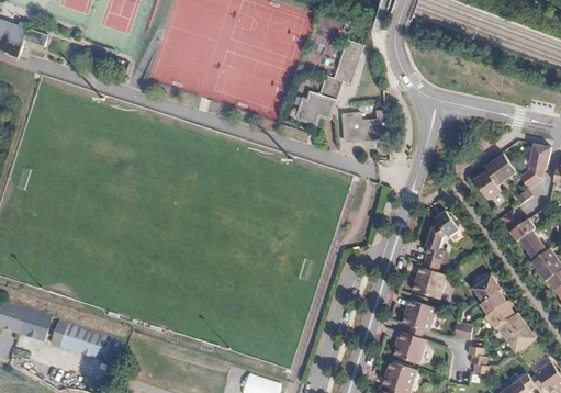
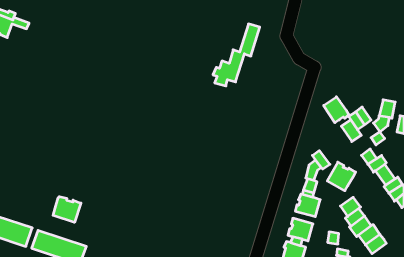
building: [341,109,388,139] -> none
building: none -> [324,97,349,123]
building: none -> [327,162,356,191]
building: none -> [53,197,81,222]

